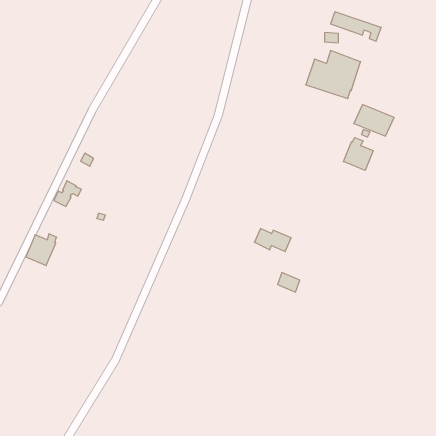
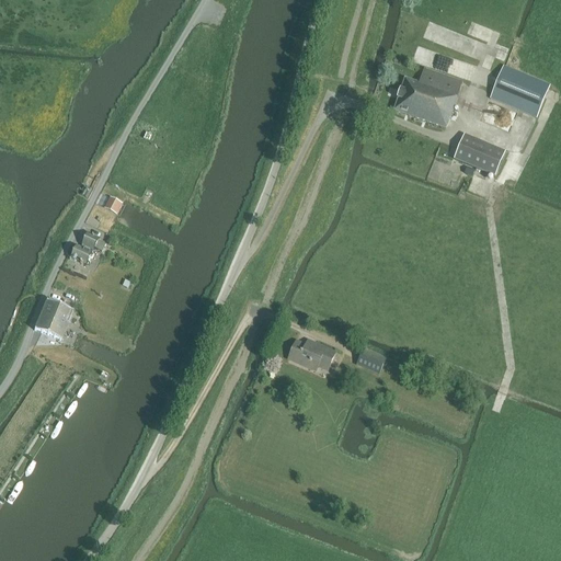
building: none -> [489,65,548,116]
building: [343,138,373,170] -> none
building: [254,229,291,252] -> [287,340,334,369]

